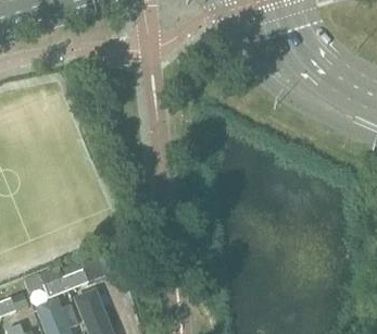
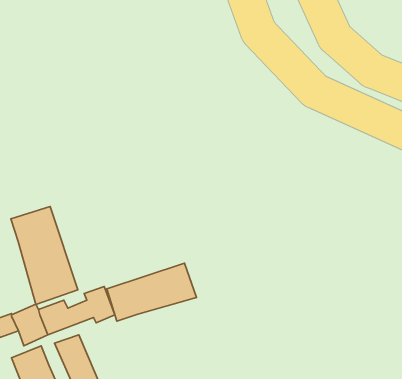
building: none -> [11,206,78,304]
building: none -> [107,263,197,321]

